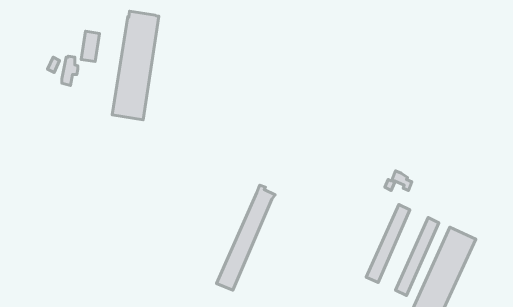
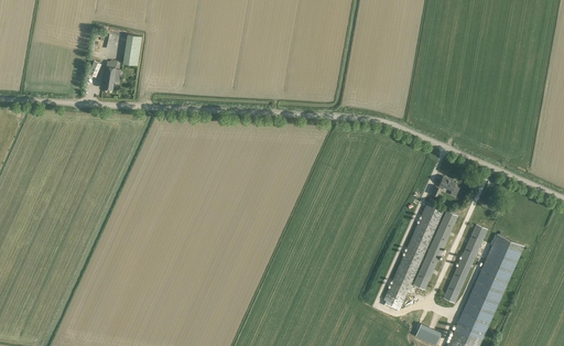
building: [112,11,159,120] -> none
building: [217,185,275,290] -> [383,199,443,306]

